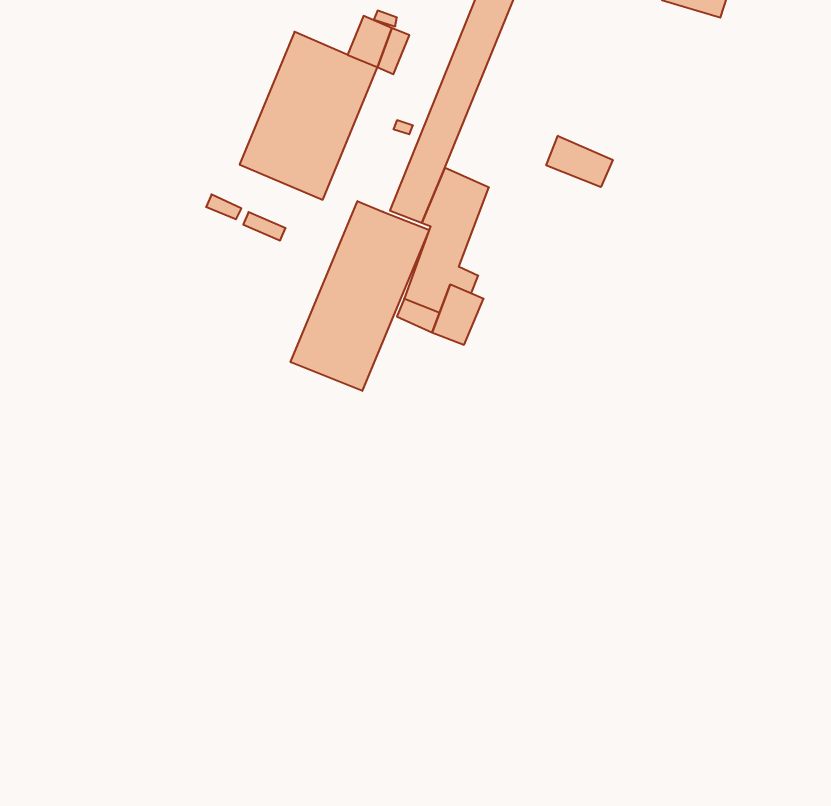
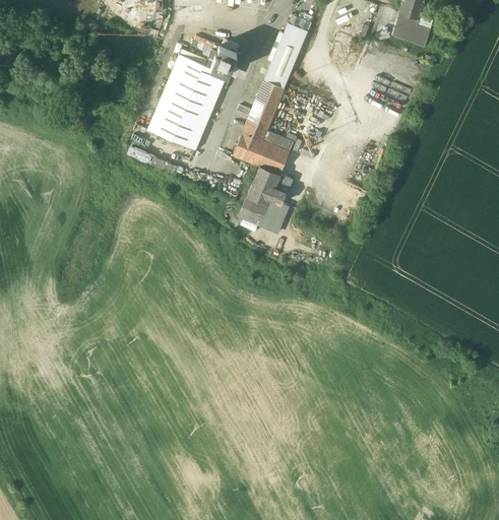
building: [546,136,613,187] -> none
building: [291,201,429,391] -> none

